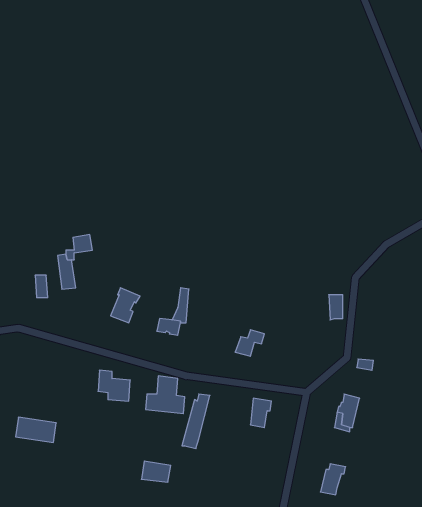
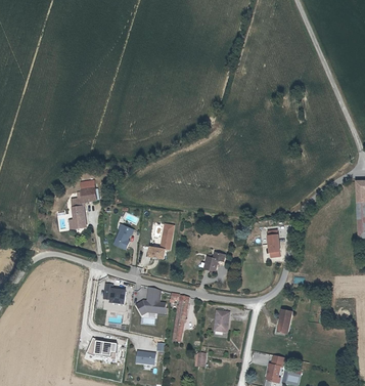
building: [16,417,56,442] -> [88,340,118,358]

